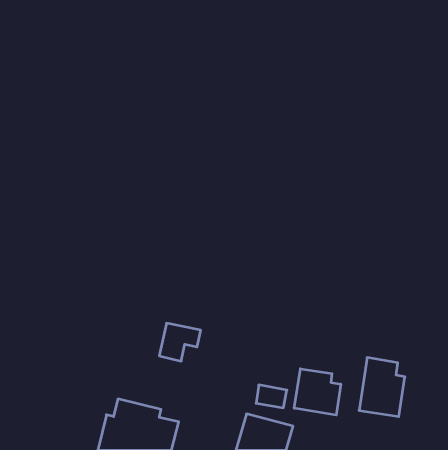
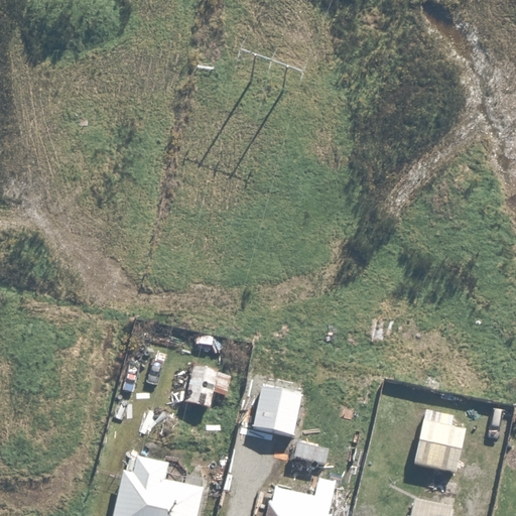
building: none -> [248,390,300,439]
building: [294,369,341,415] -> none

